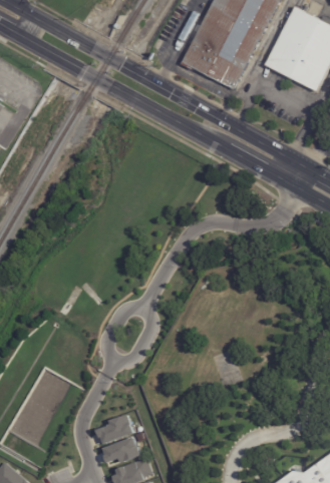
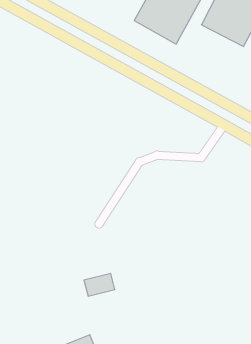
building: [95,416,132,443] -> [84,273,115,296]

